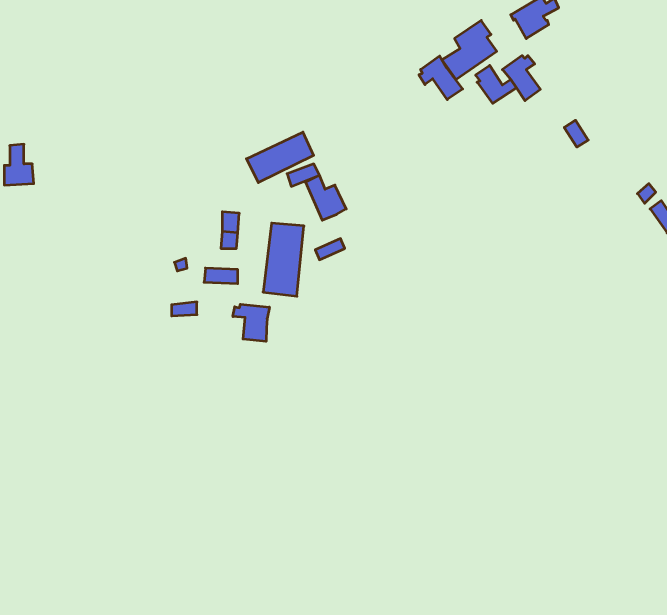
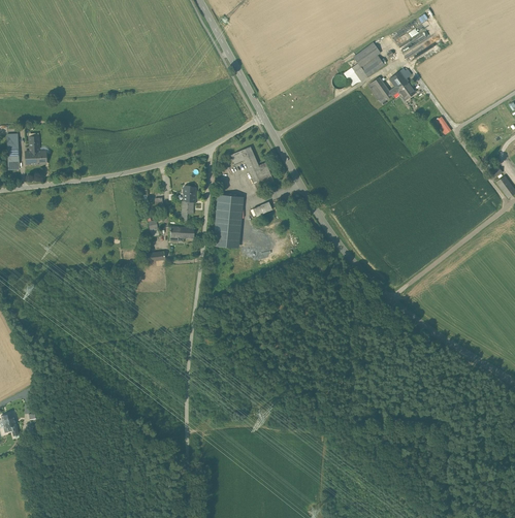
building: [419,56,463,100] -> none
building: [246,132,314,183] -> none
building: [233,304,269,341] -> none

